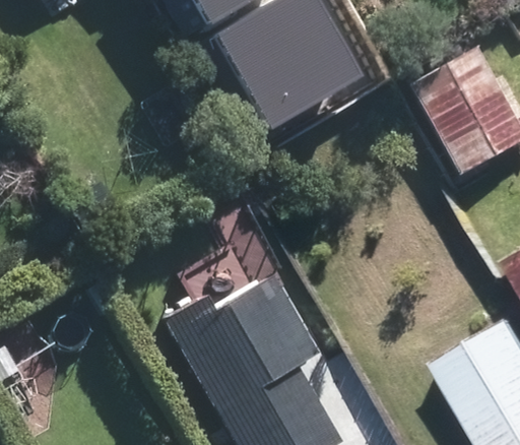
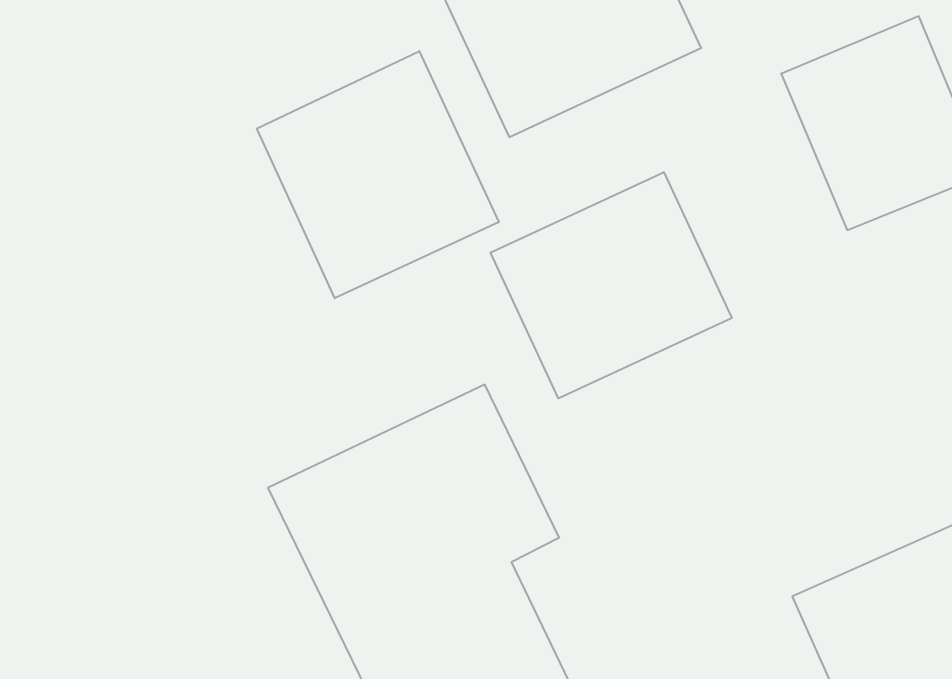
building: none -> [257,51,499,298]
building: none -> [490,172,732,398]

